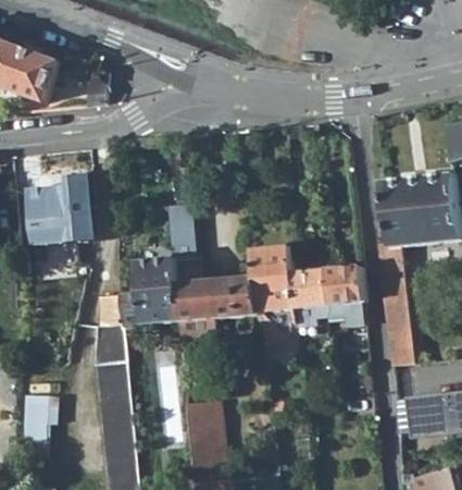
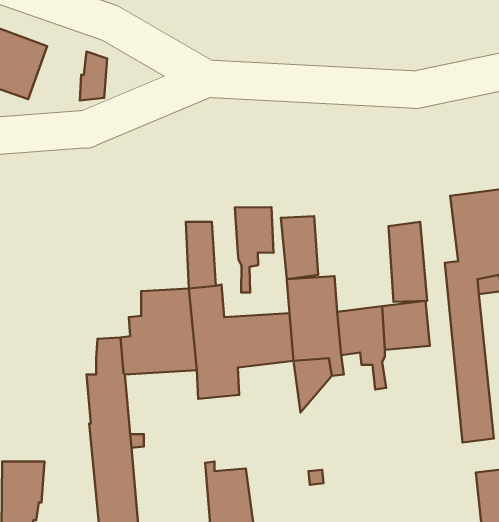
building: [28,169,96,254] -> none
building: none -> [235,207,273,292]
building: none -> [281,216,318,279]
building: none -> [388,222,427,302]

